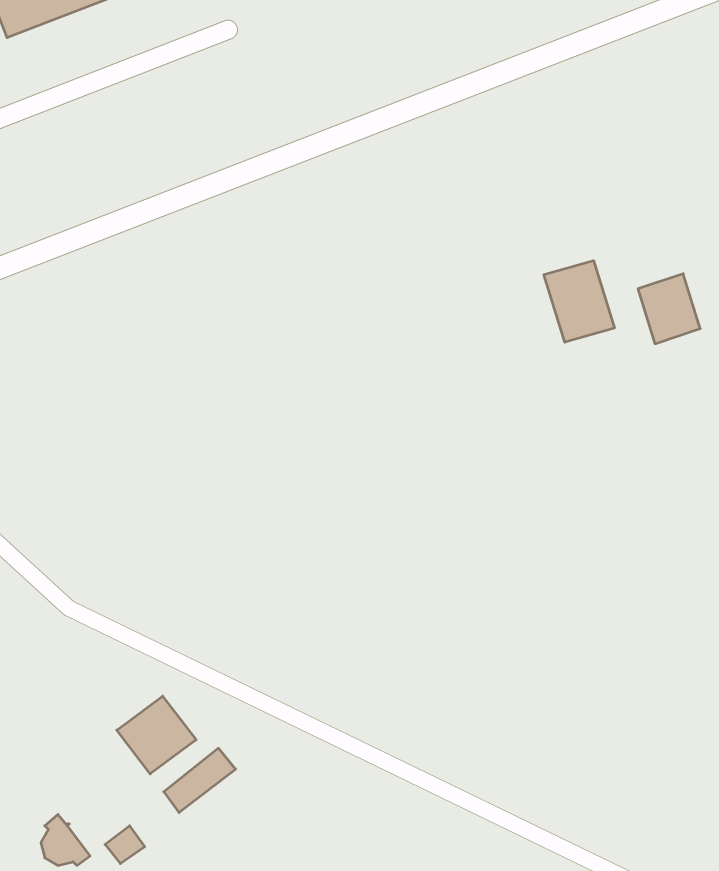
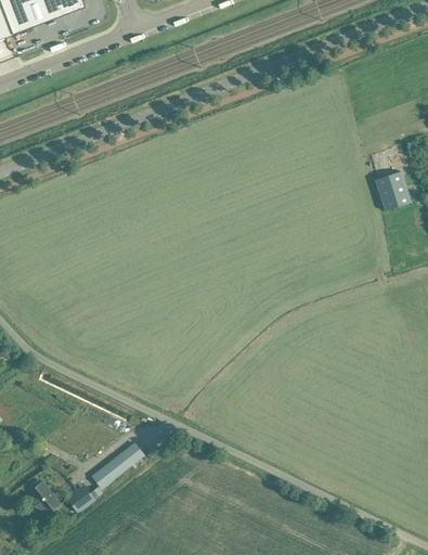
building: [544,261,614,342] -> none
building: [117,696,196,774] -> none

